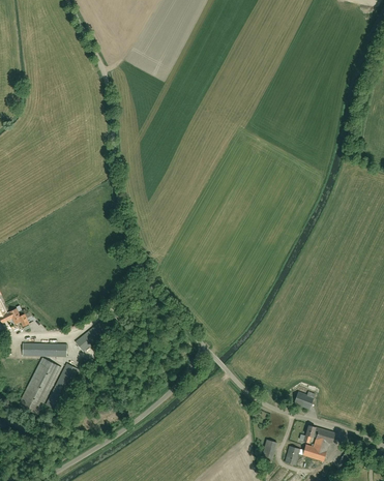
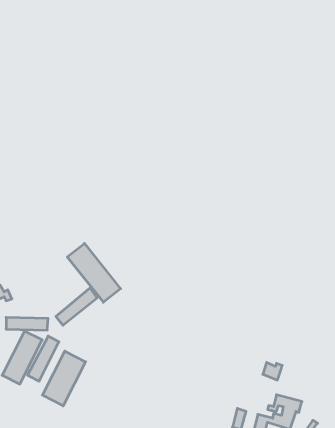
building: none -> [67,243,121,302]
building: none -> [42,351,86,406]

